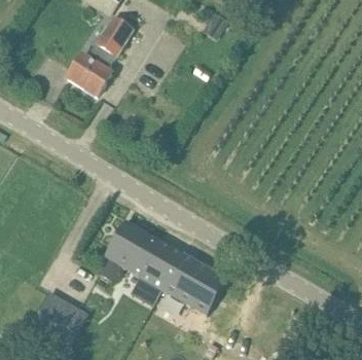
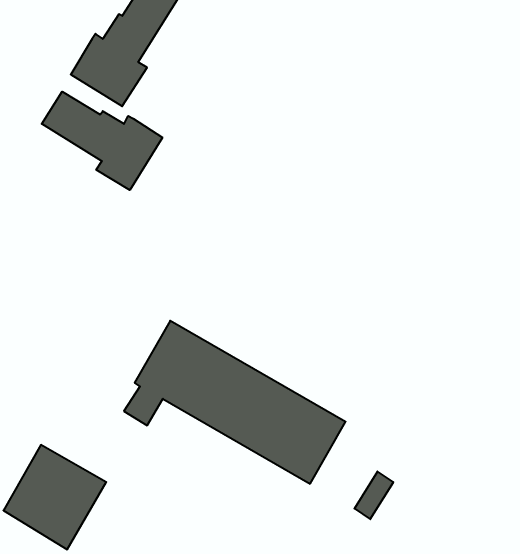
building: none -> [42,92,162,190]

